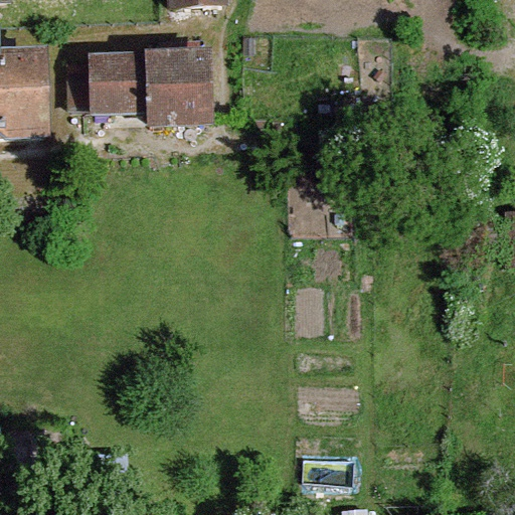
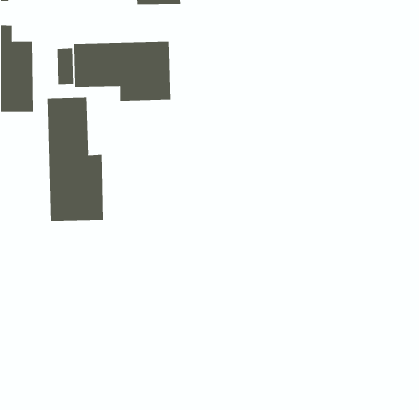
building: none -> [47,97,104,222]

